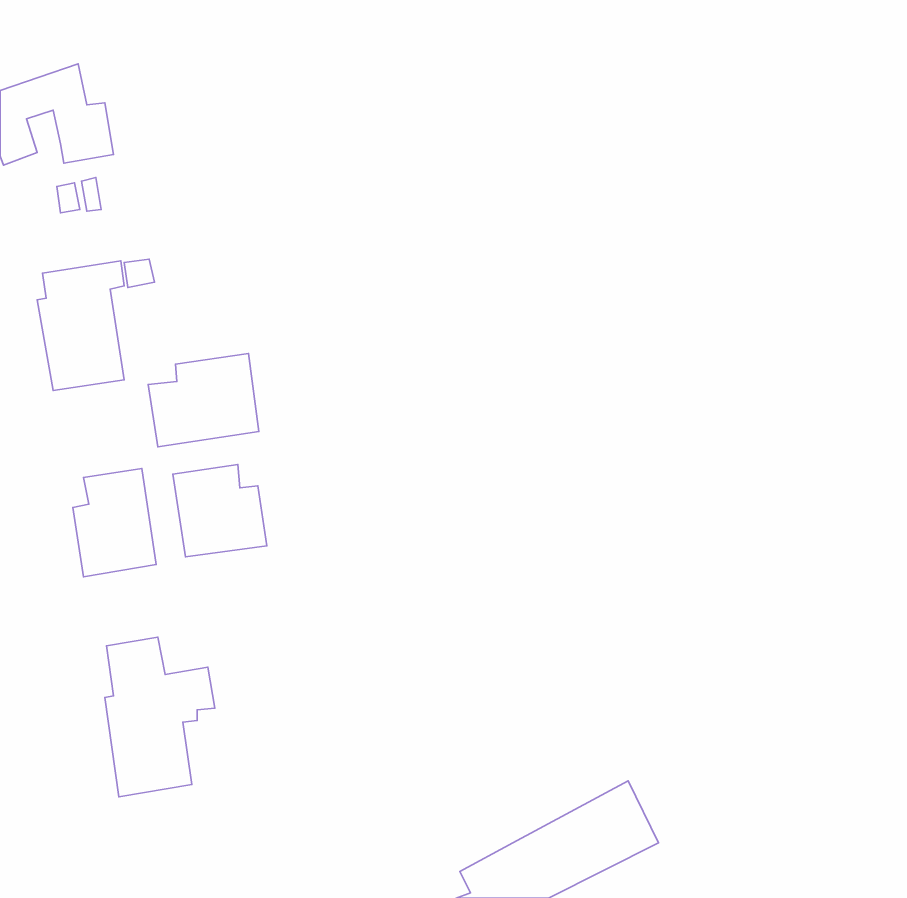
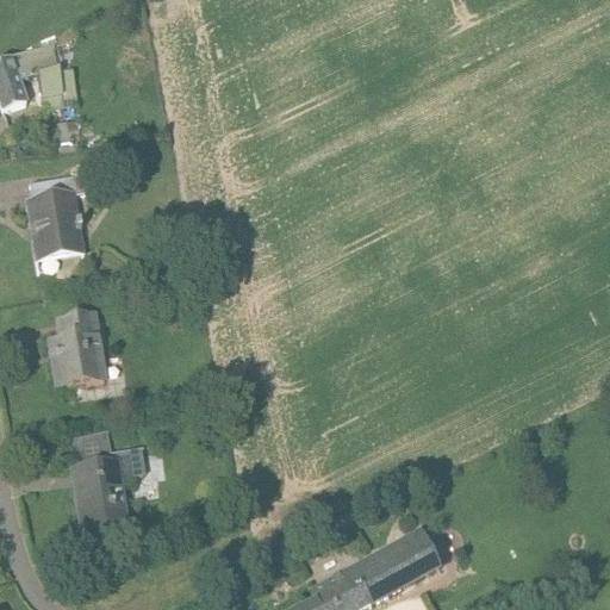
building: [148,353,259,447] -> none
building: [173,464,267,557] -> none

